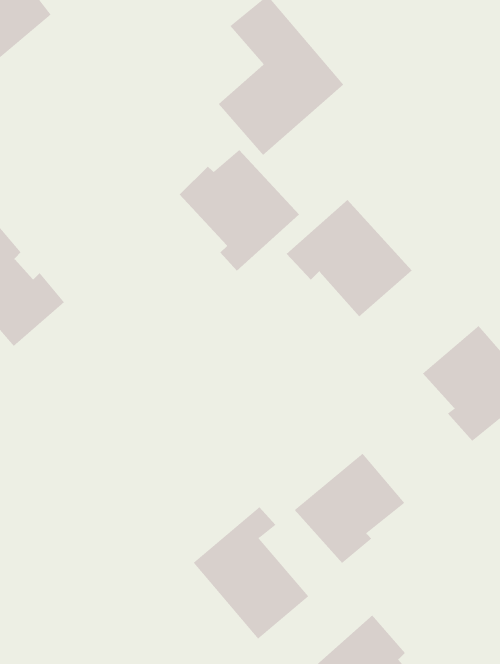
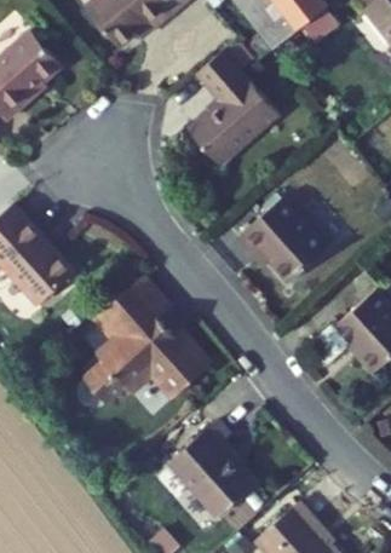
building: [179,149,300,271] -> none
building: none -> [80,276,206,401]
building: [294,453,405,564] -> none

